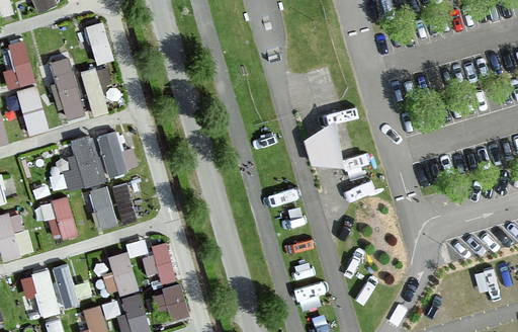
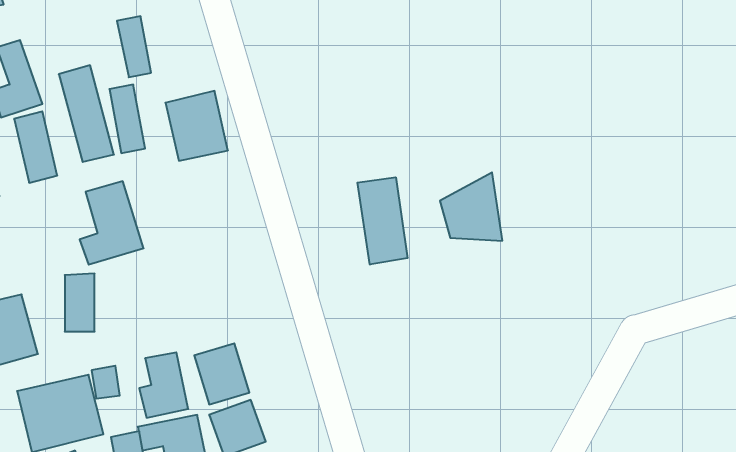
building: [96,128,139,175] -> [165,91,228,161]
building: none -> [357,177,408,265]
building: [86,179,137,230] -> none

